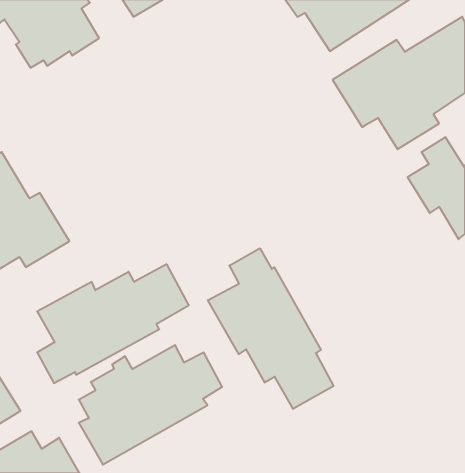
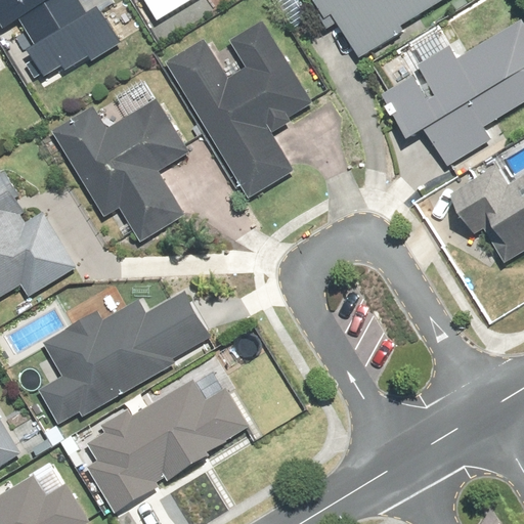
building: none -> [169,23,310,198]
building: none -> [53,100,190,241]
building: [208,248,333,409] -> none

